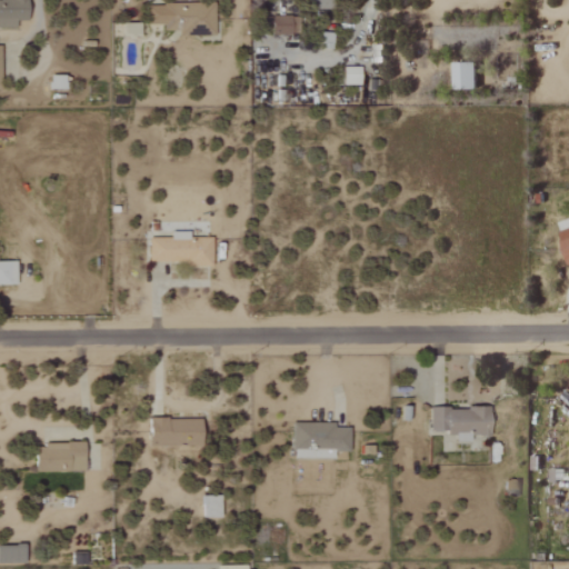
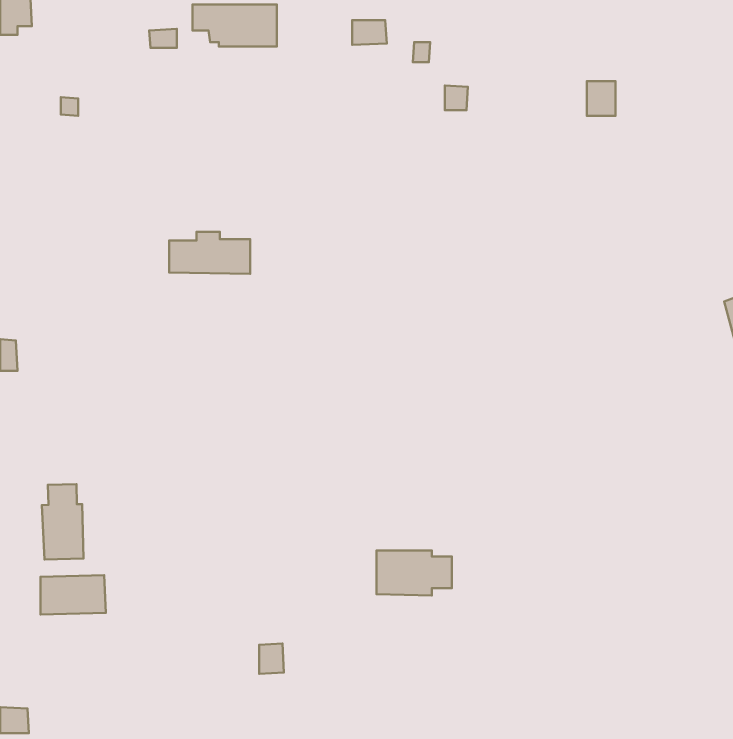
building: [151,231,213,263] -> [169,232,250,274]
building: none -> [42,484,83,559]
building: [431,406,492,440] -> none
building: [150,417,203,445] -> none

